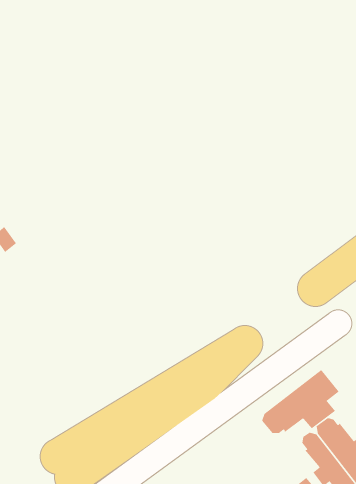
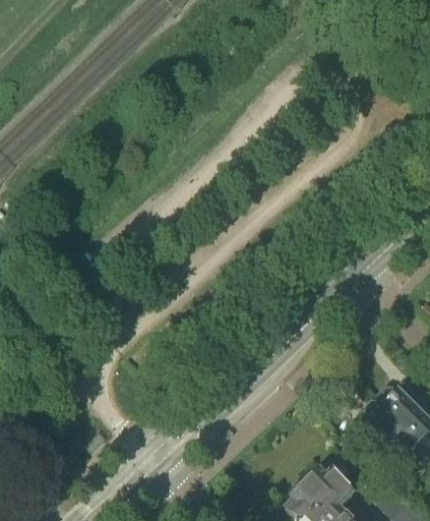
building: [261,369,339,434] -> none

